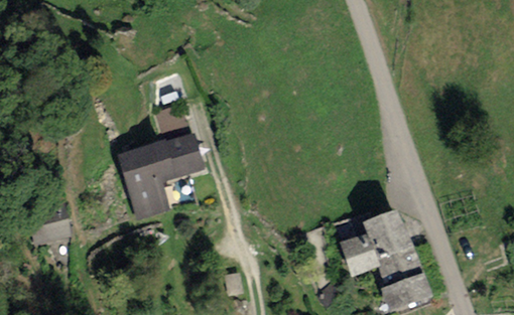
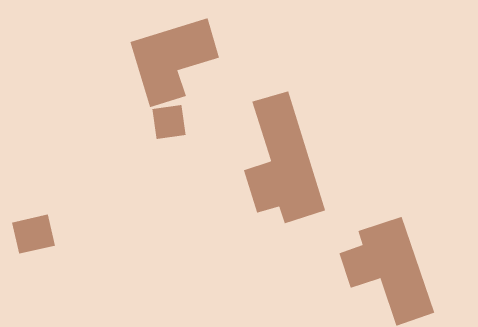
building: none -> [243,90,326,224]
building: [118,133,204,218] -> [129,17,220,108]

